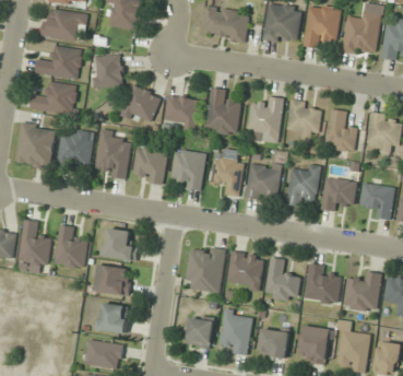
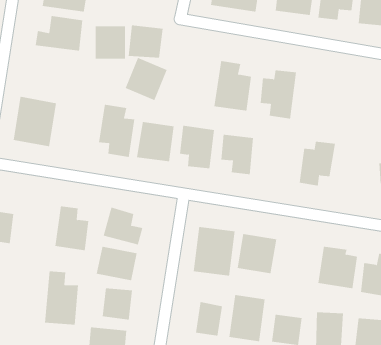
building: [29,81,75,115] -> none
building: [164,95,198,127] -> [128,25,163,58]
building: [286,101,321,143] -> none
building: [327,109,356,151] -> none
building: [56,128,93,171] -> none
building: [245,164,281,202] -> none
building: [321,177,356,211] -> none
building: [17,221,50,272] -> [44,271,79,325]
building: [265,258,300,301] -> none

